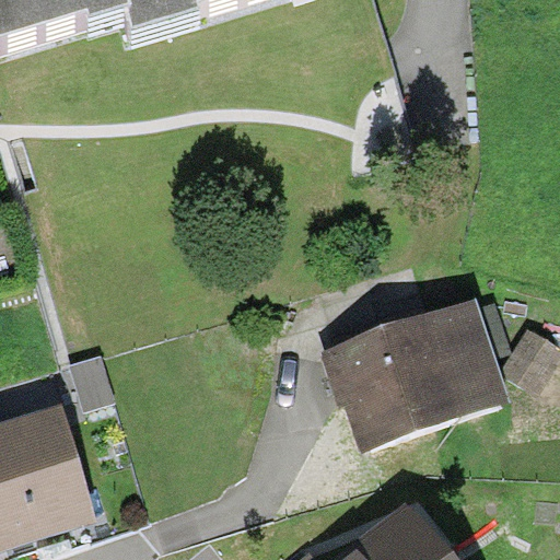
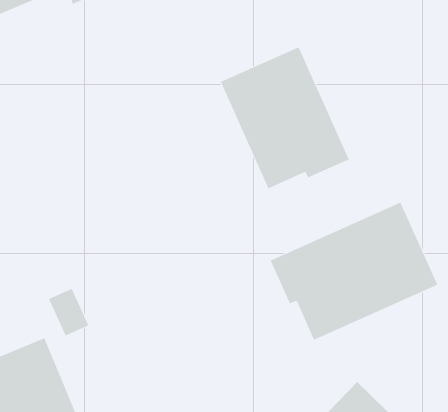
building: none -> [220,46,350,189]

